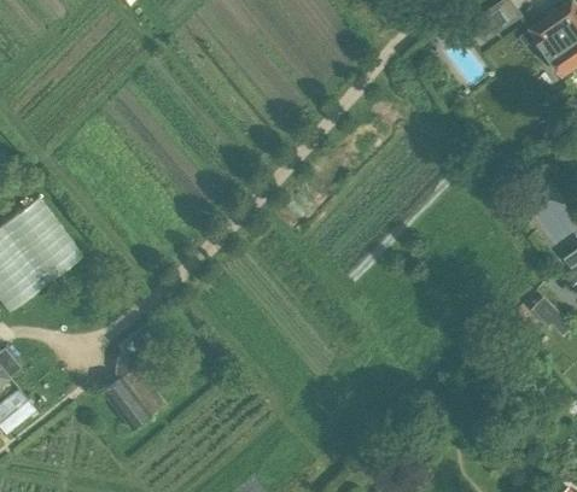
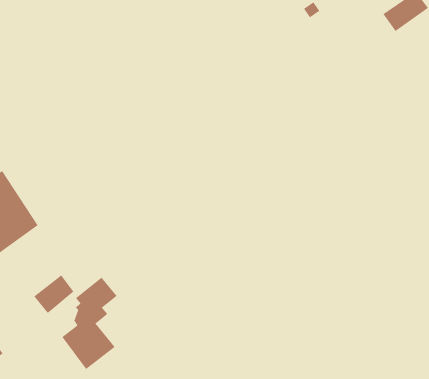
building: none -> [34,275,74,314]

